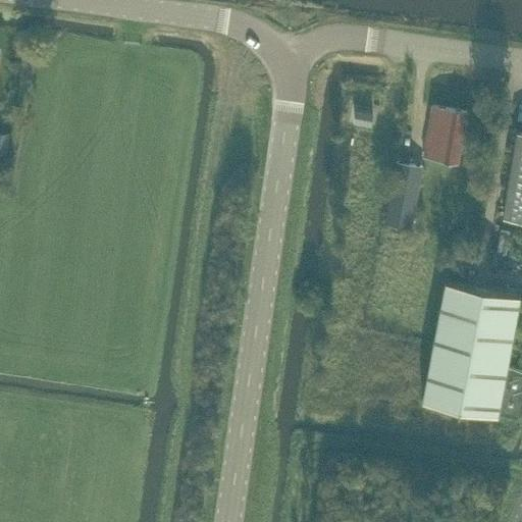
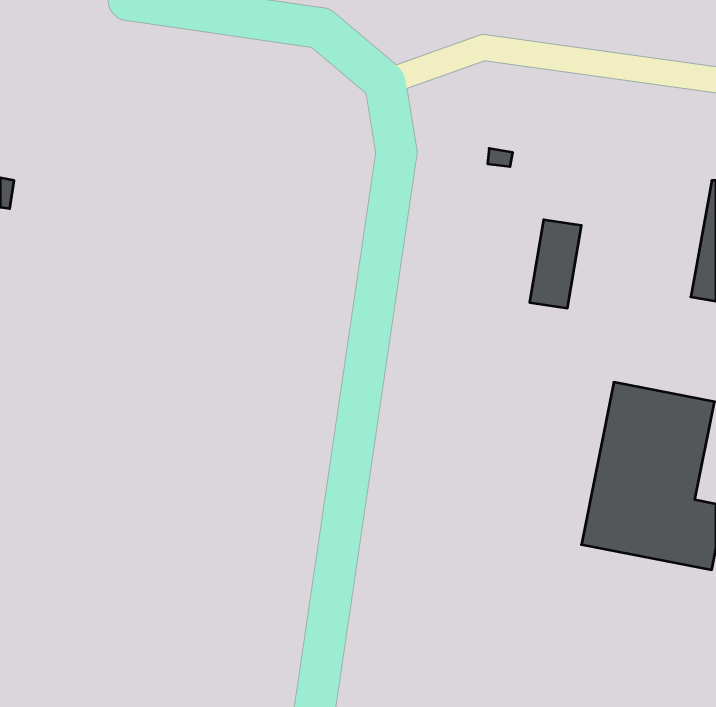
building: [423,108,467,166] -> none

